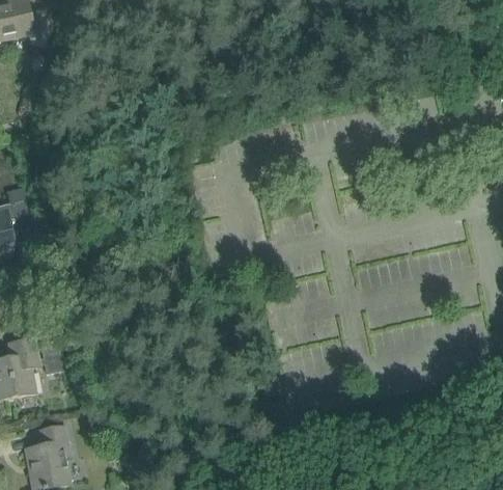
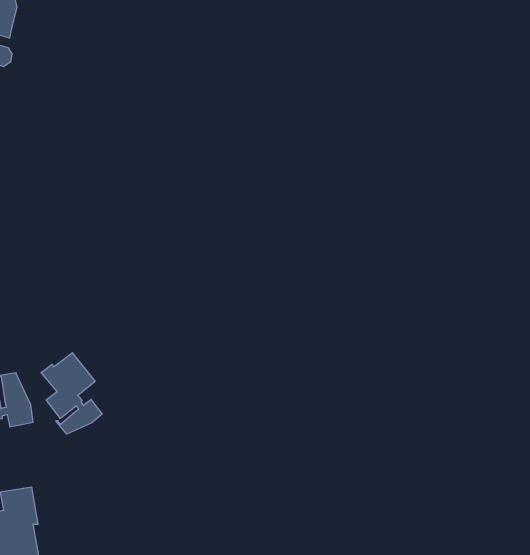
building: none -> [41,353,102,434]

